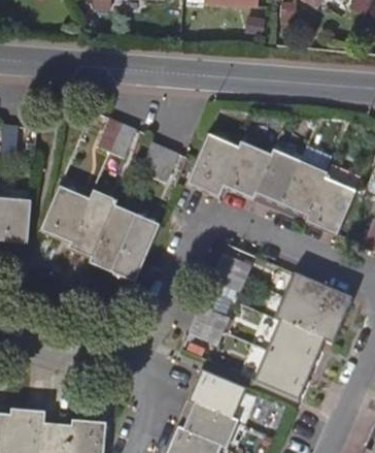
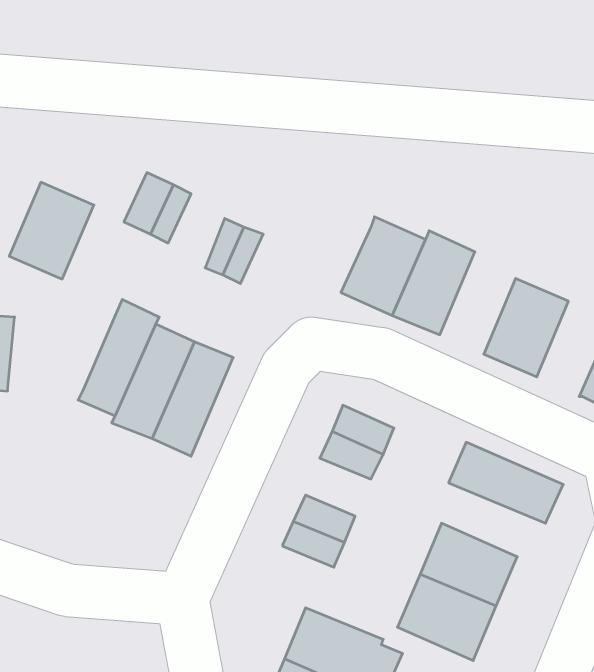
building: [189,133,240,196] -> none
building: [280,161,328,221] -> none
building: [41,185,91,241] -> [9,182,94,279]
building: [275,296,342,342] -> none

